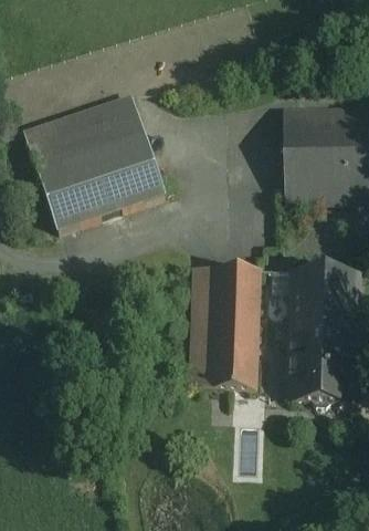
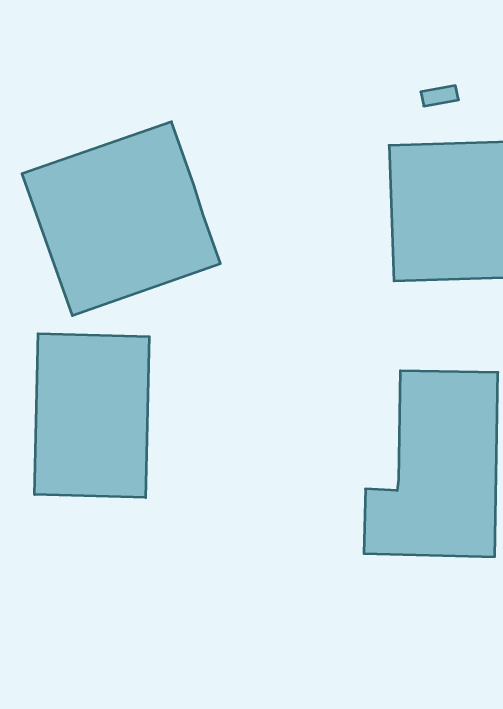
building: none -> [35,334,149,498]
building: [187,267,291,404] -> none

